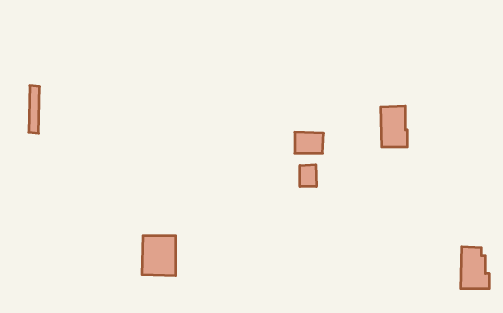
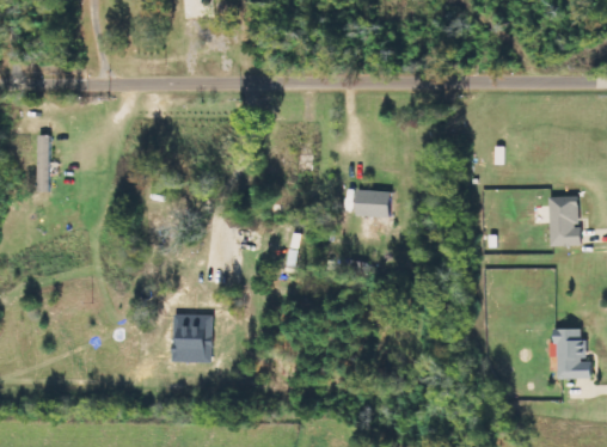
building: [381,106,407,147] -> [548,196,581,245]
building: [300,165,316,187] -> none

